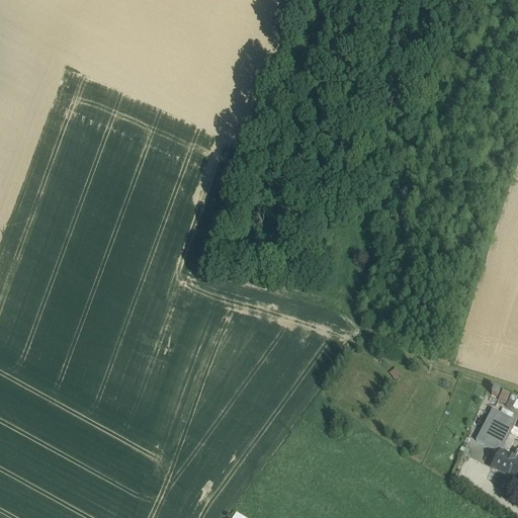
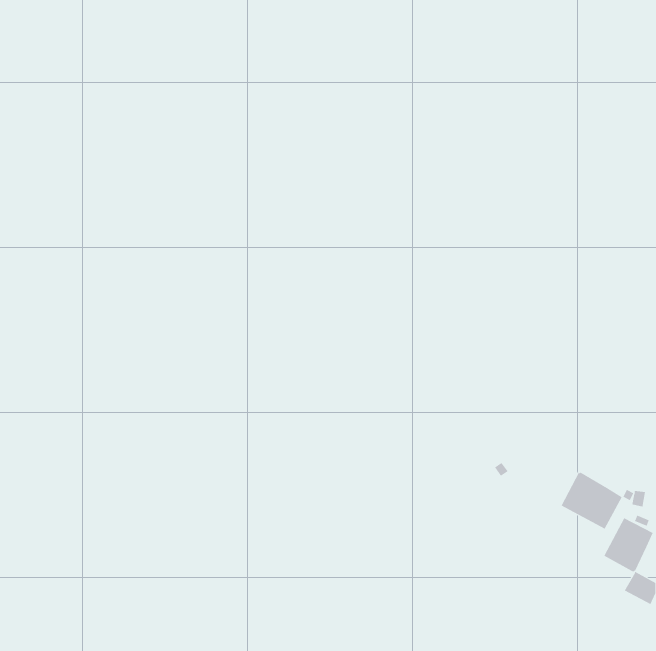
building: none -> [561,471,623,529]

